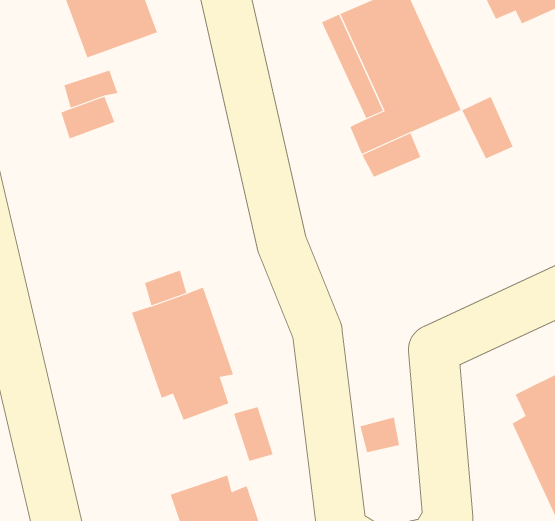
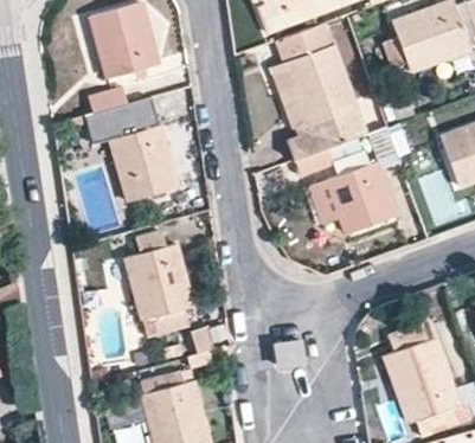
building: none -> [110,124,178,200]
building: none -> [308,161,392,232]

